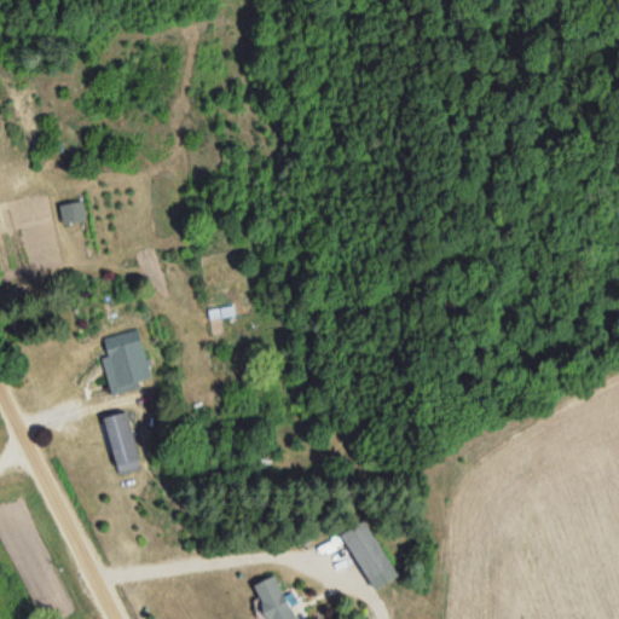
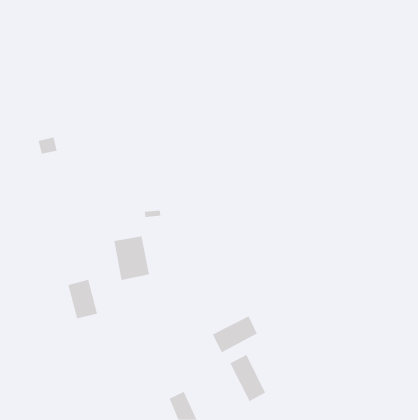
building: [100,331,154,397] -> [113,236,150,280]
building: none -> [212,315,258,353]

